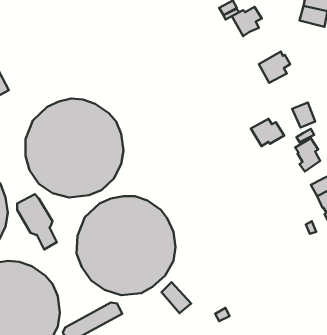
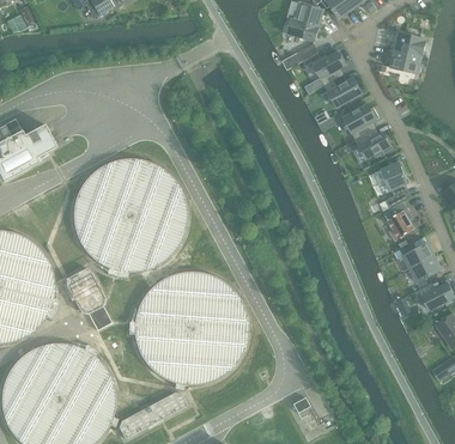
building: none -> [324,78,362,108]
building: [251,119,284,146] -> [354,128,393,159]
building: [161,282,191,313] -> none

